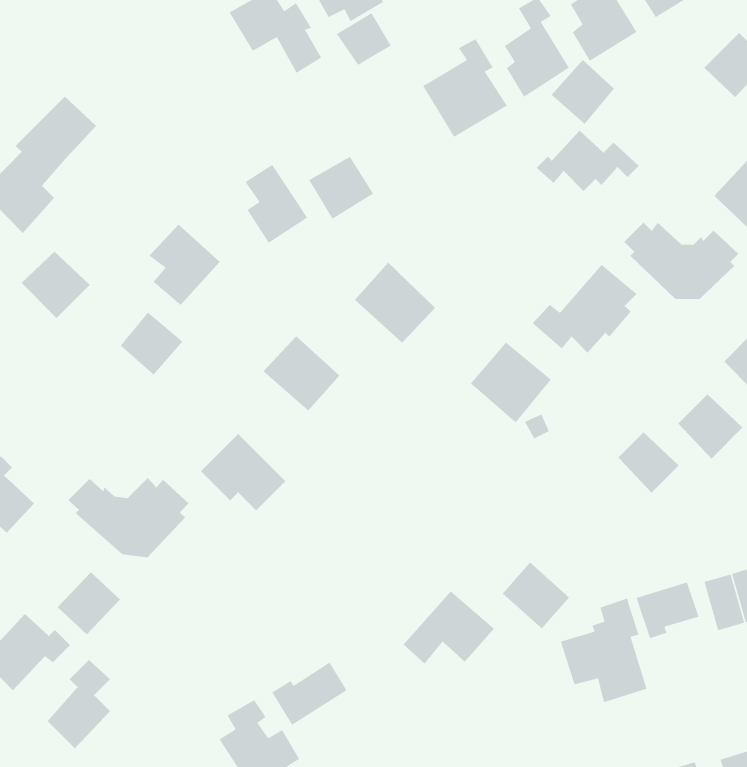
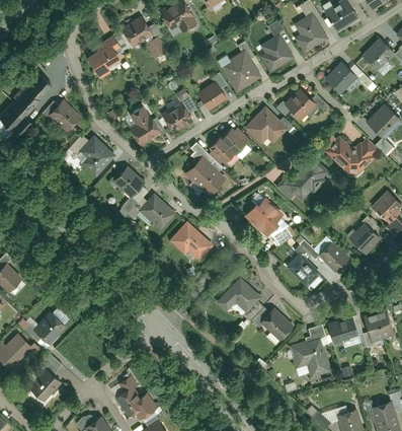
building: [336,12,392,66] -> [196,81,225,109]
building: none -> [86,35,119,79]
building: [551,59,615,125] -> [323,61,355,94]
building: none -> [243,106,287,144]
building: none -> [208,128,249,165]
building: [21,251,91,319] -> [46,99,81,134]
building: [120,312,184,375] -> [112,166,145,199]
building: none -> [285,240,320,288]
building: [200,433,286,511] -> [168,221,212,261]
building: [68,477,189,558] -> none
building: [403,591,495,664] -> [214,277,260,314]
building: [271,662,347,726] -> none

